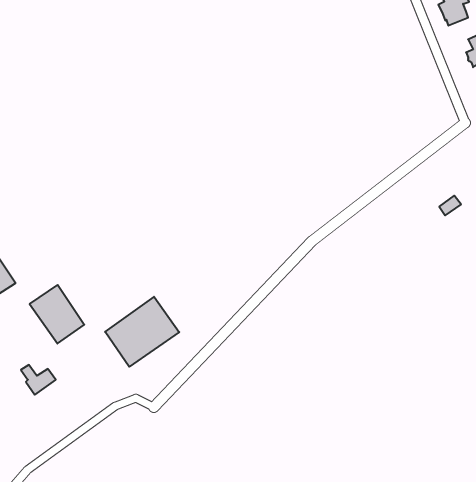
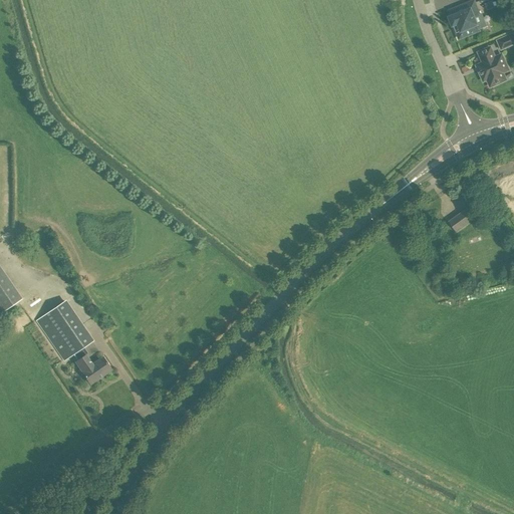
building: [105,297,179,367] -> none
building: [21,365,56,395] -> [75,352,110,382]

